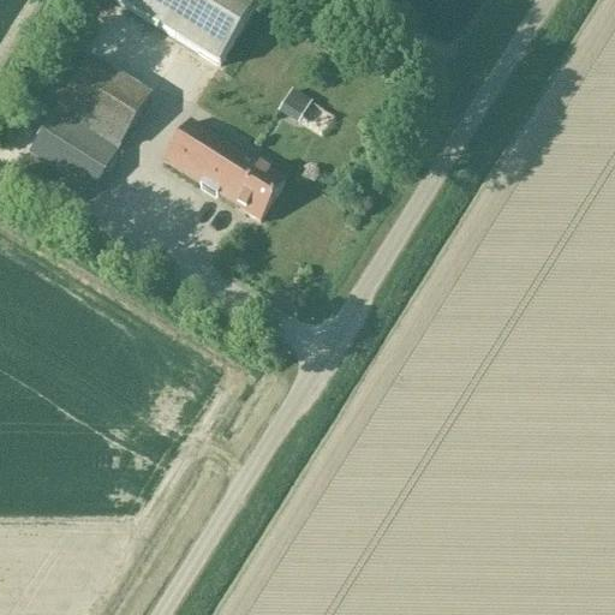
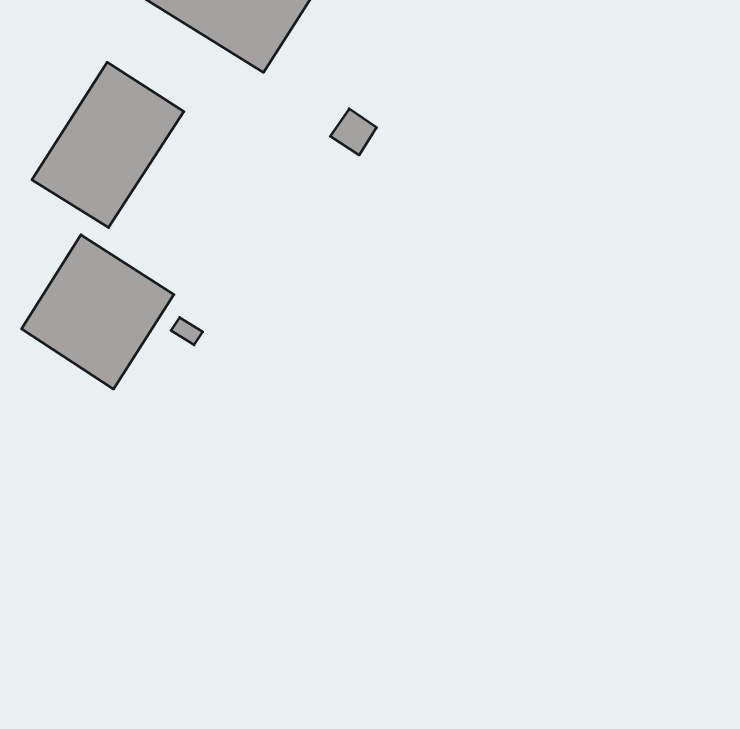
building: [163,115,285,216] -> none
building: none -> [22,235,174,389]

